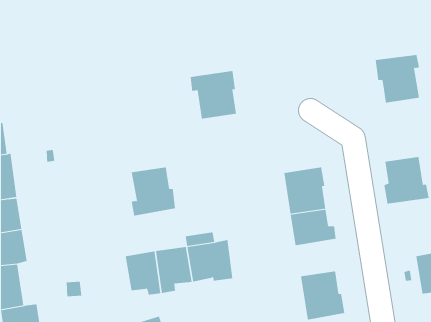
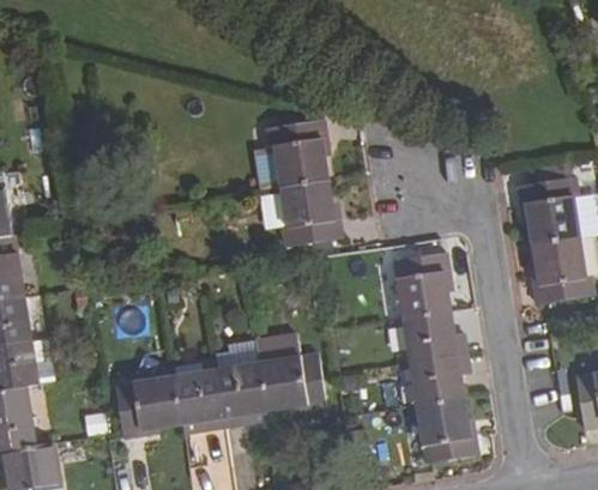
building: [375,55,420,103] -> [517,179,579,246]
building: [131,167,176,216] -> [278,180,340,248]
building: none -> [407,352,469,404]
building: none -> [113,376,181,438]

